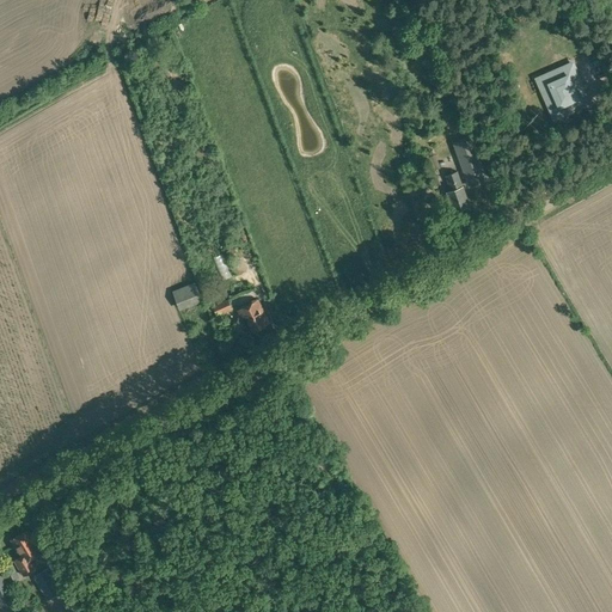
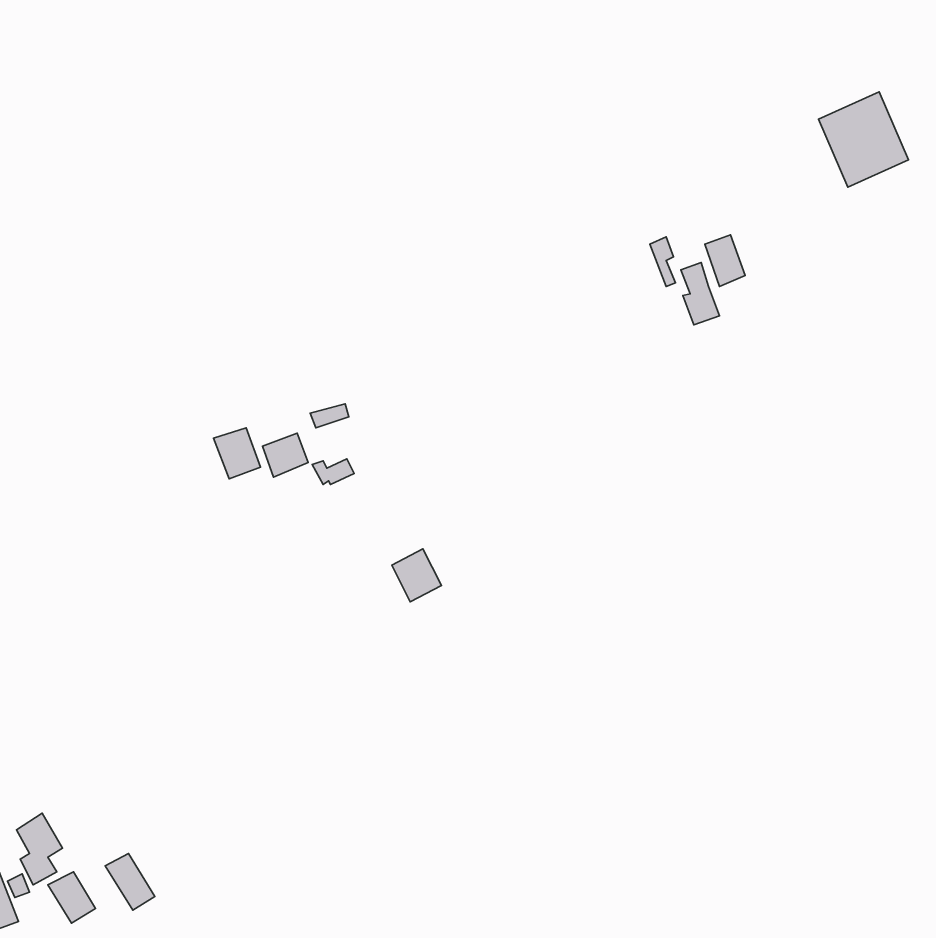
building: none -> [214,428,260,479]
building: [237,299,269,333] -> [392,549,441,602]
building: none -> [105,854,155,910]

